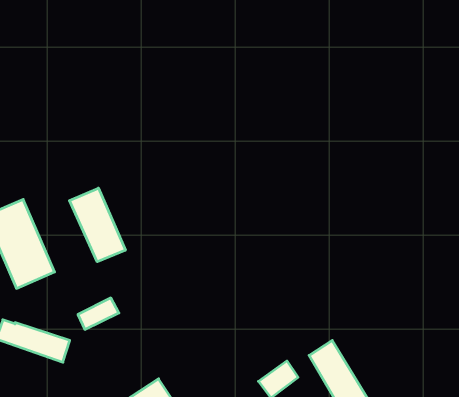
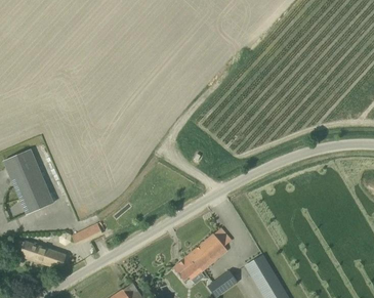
building: [69,188,125,262] -> none
building: none -> [172,228,231,282]

